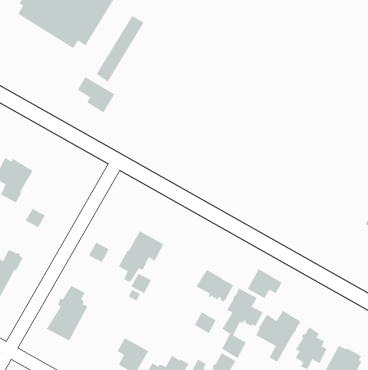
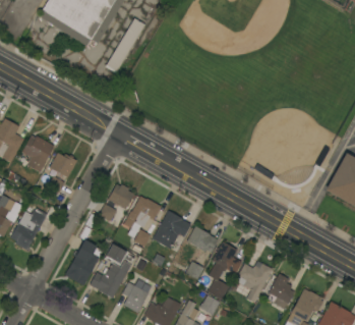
building: [77,76,115,113] -> none
building: none -> [49,153,76,177]
building: none -> [108,183,135,209]
building: none -> [153,211,190,249]
building: [247,268,283,299] -> none
building: none -> [90,242,134,299]

